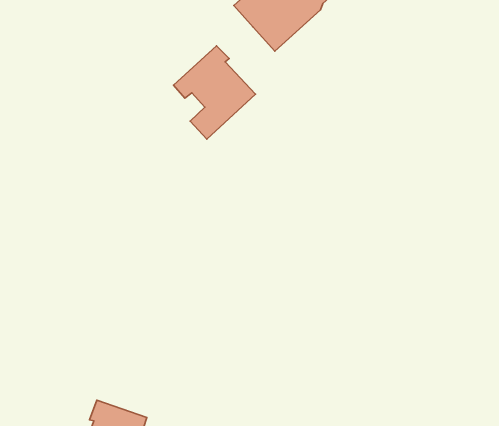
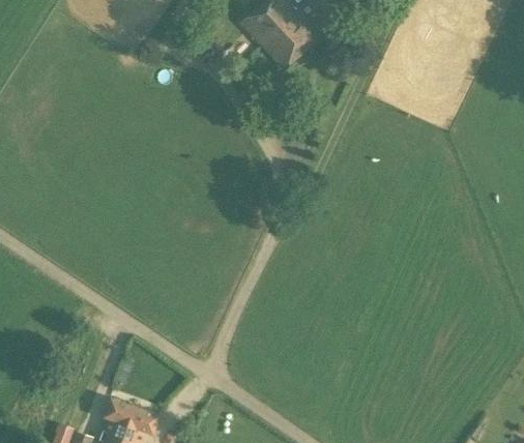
building: [173,46,255,139] -> none

